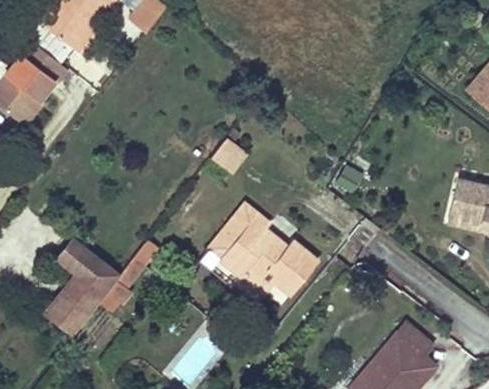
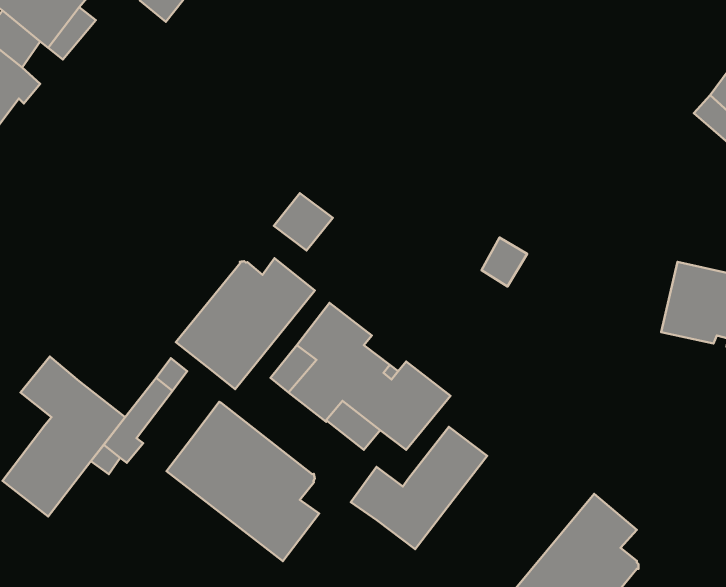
building: none -> [176,258,315,389]
building: none -> [166,402,319,561]
building: none -> [351,427,487,549]

